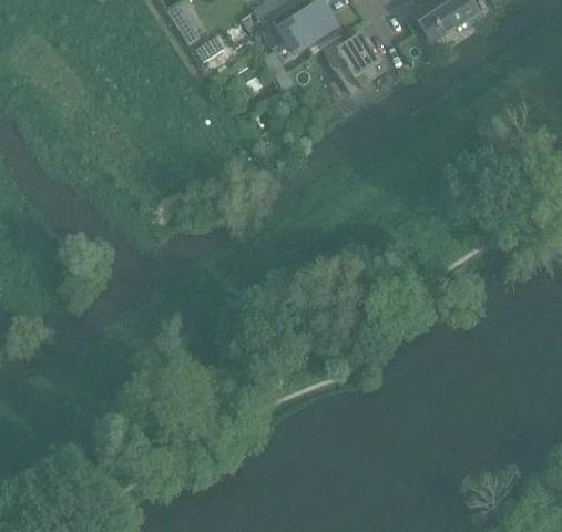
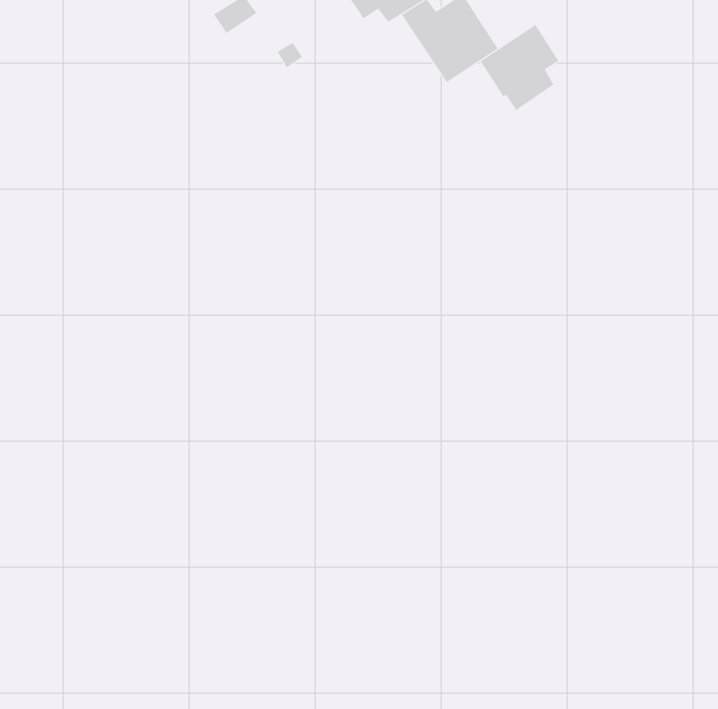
building: none -> [480,24,559,111]

